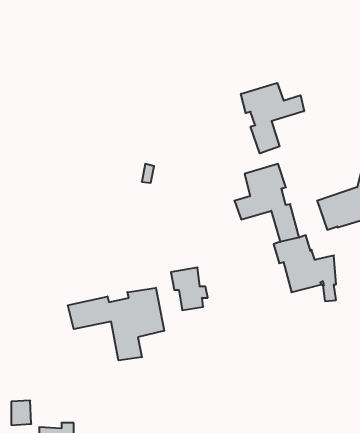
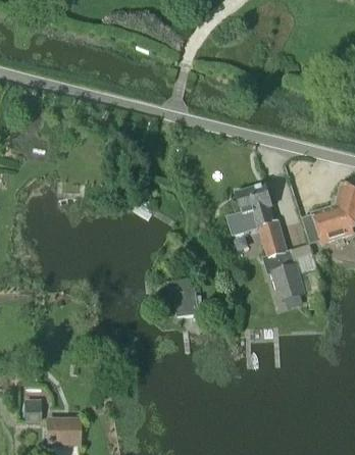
building: [241,83,304,153] -> none
building: [68,288,164,360] -> none

